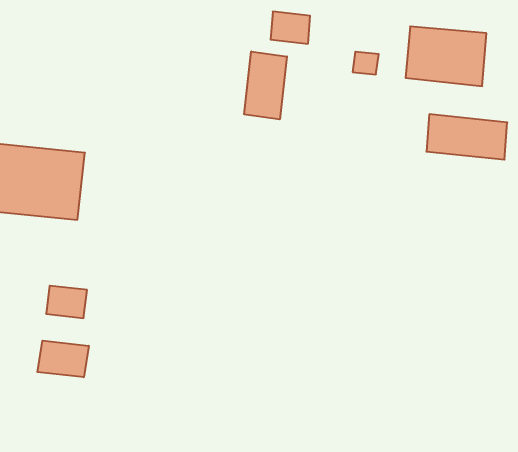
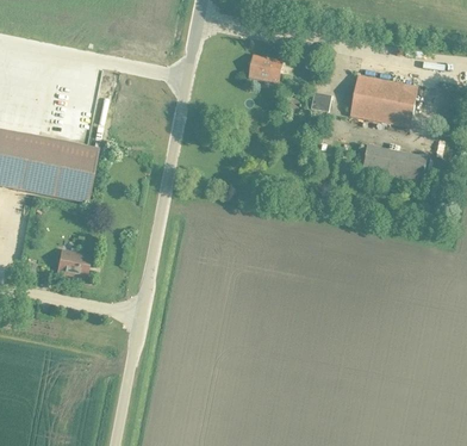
building: [244,51,287,119] -> none
building: [37,341,89,377] -> none

